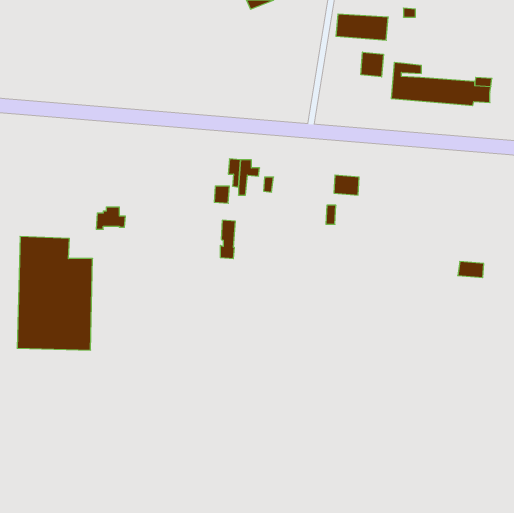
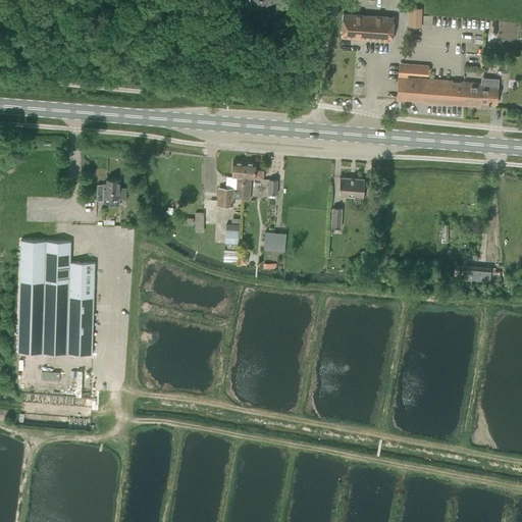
building: [361,52,383,77] -> none
building: [96,207,125,229] -> [96,179,125,202]
building: none -> [263,232,285,253]

